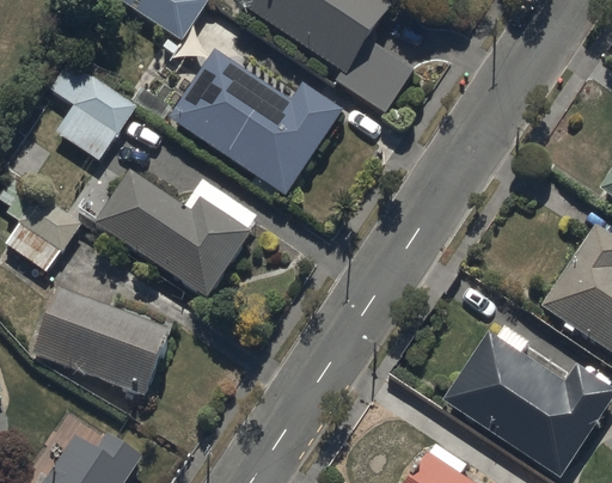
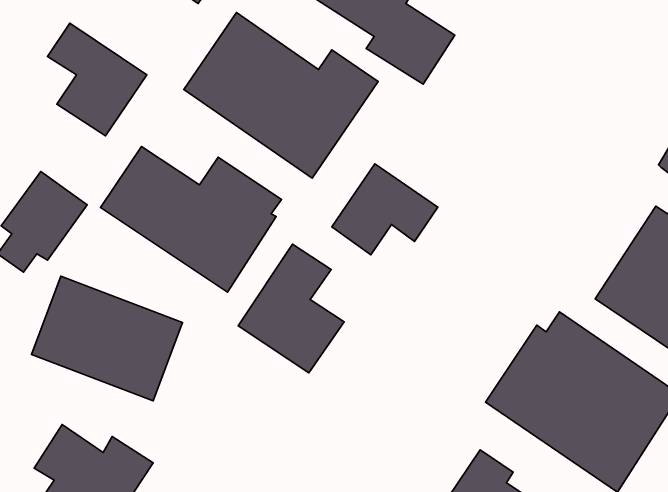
building: none -> [332,164,438,255]
building: none -> [238,244,344,373]

